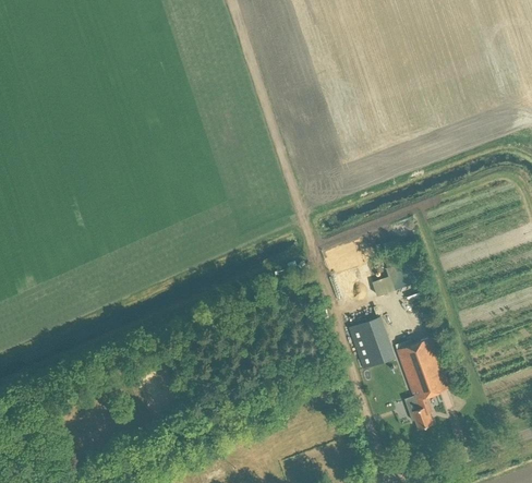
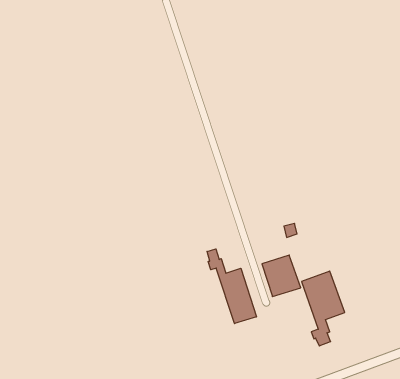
building: none -> [207,249,256,324]

